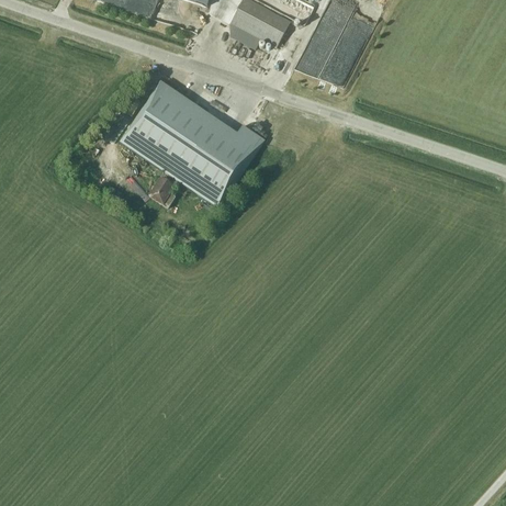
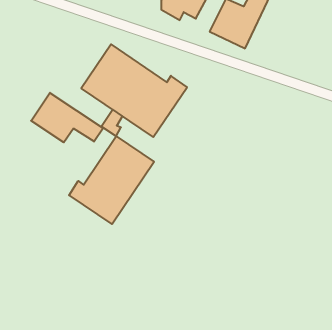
building: none -> [31,93,103,142]
building: none -> [69,136,154,224]

